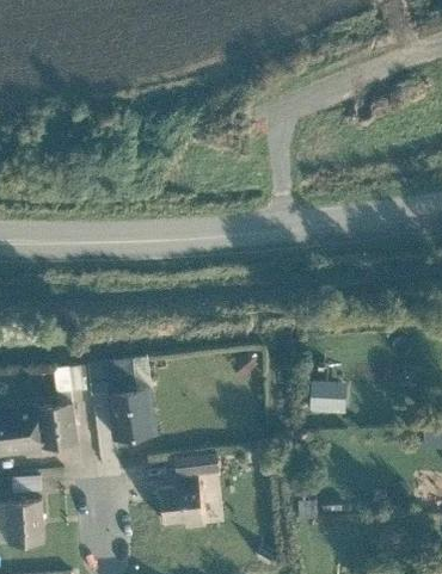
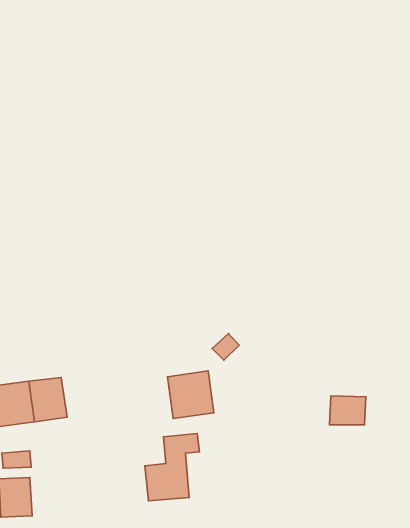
building: [312,379,349,409] -> [330,396,366,425]
building: [109,393,156,442] -> [168,371,214,419]

